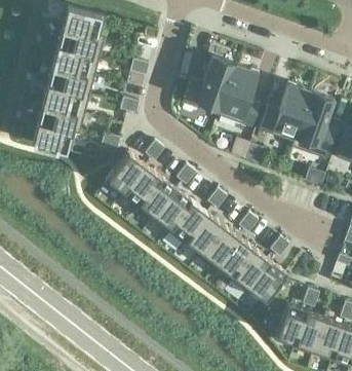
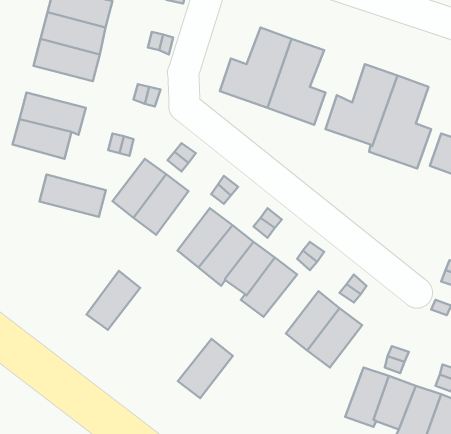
building: [42,84,90,115] -> [39,175,106,217]
building: [136,176,175,219] -> [87,271,140,330]
building: [214,236,255,280] -> [178,339,233,398]

